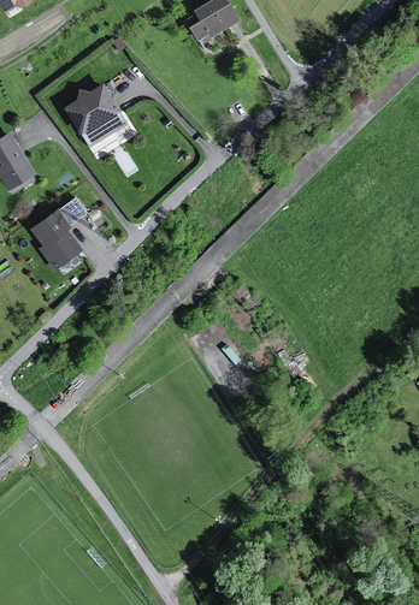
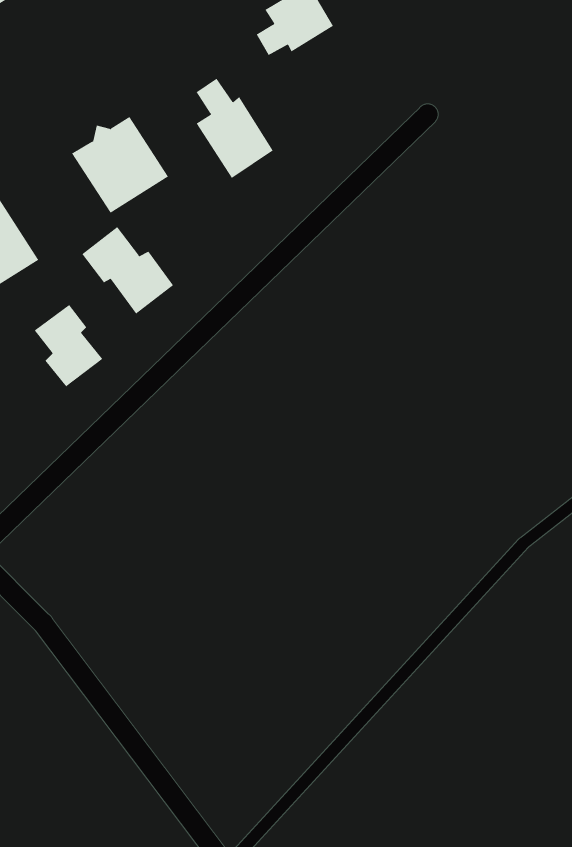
building: none -> [196,78,273,179]
building: none -> [81,226,174,314]

